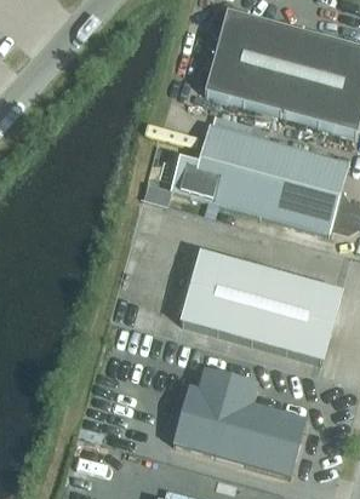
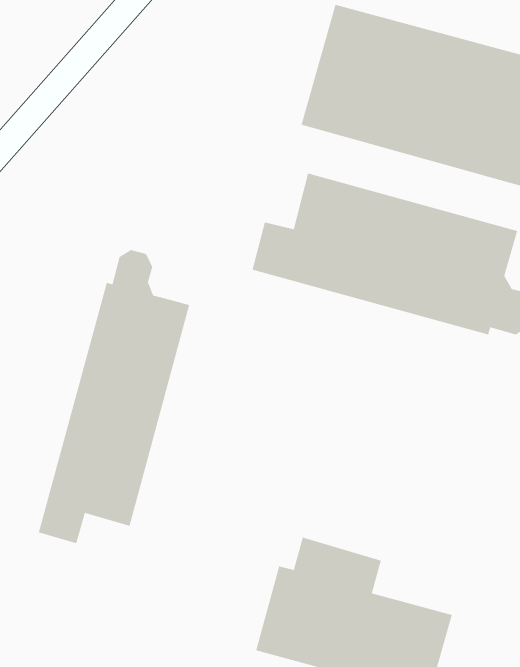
building: none -> [38,249,190,544]
building: [181,251,342,360] -> none

